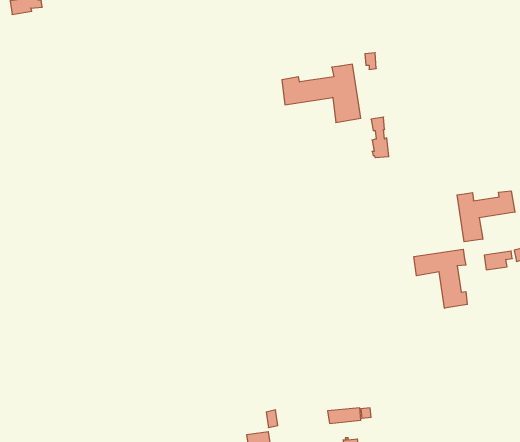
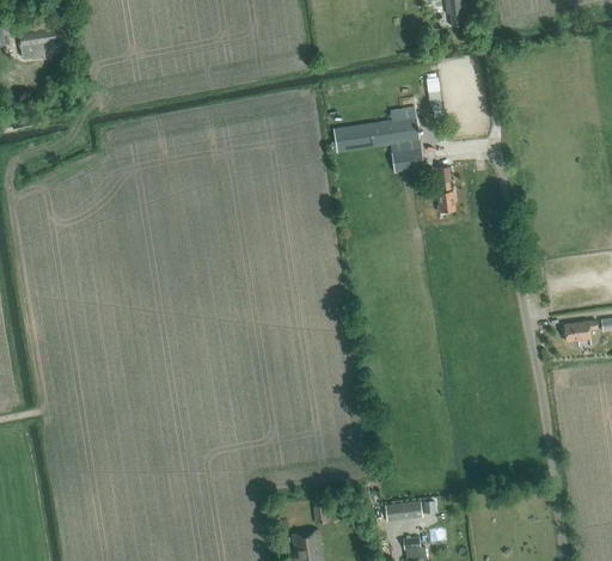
building: [457,191,515,242] -> none
building: [414,249,467,308] -> none

